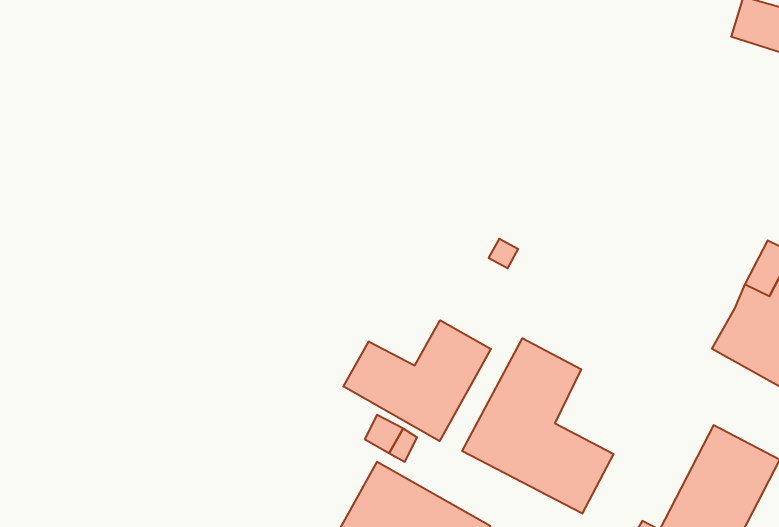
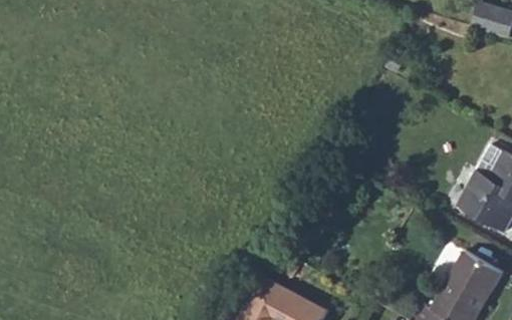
building: [343,320,491,441] -> none
building: [462,338,614,514] -> none

